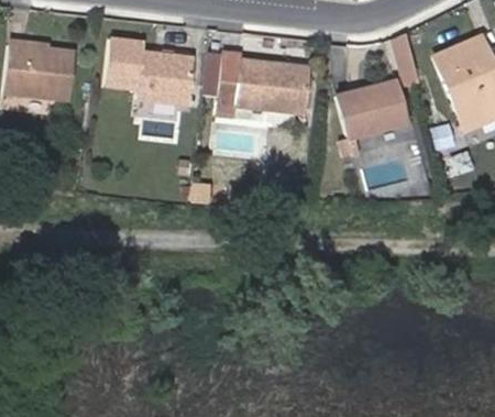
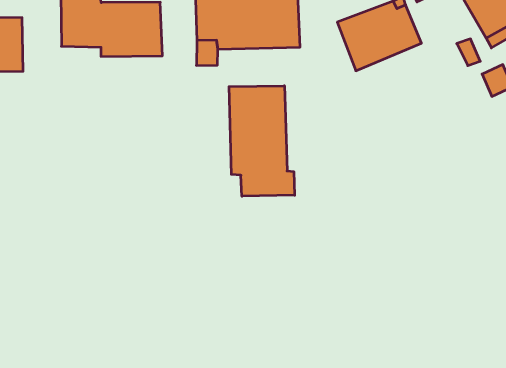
building: none -> [229,86,295,196]

